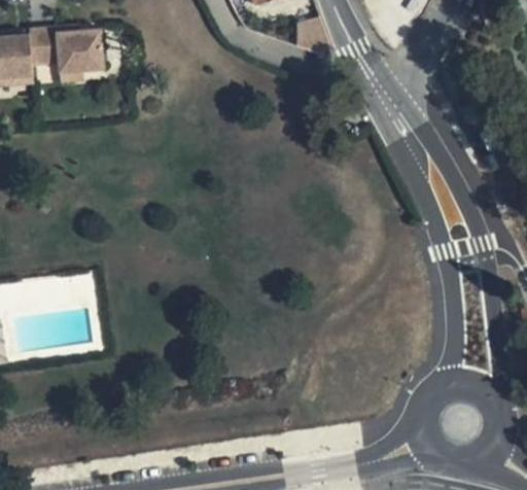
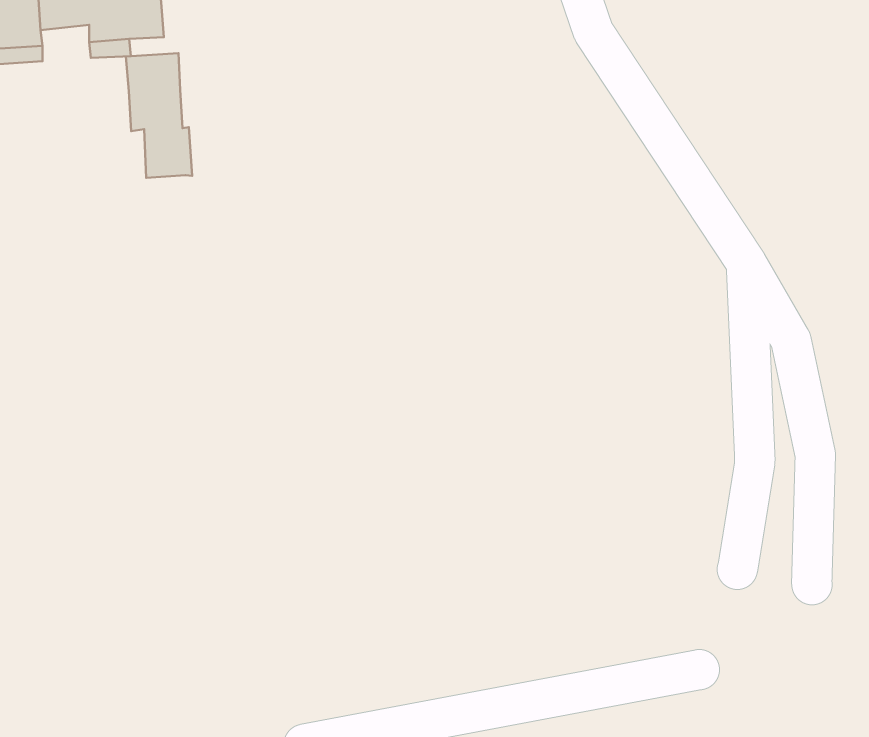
building: none -> [126,53,192,178]

